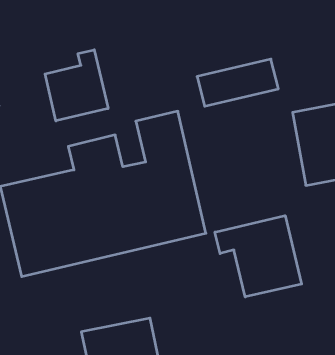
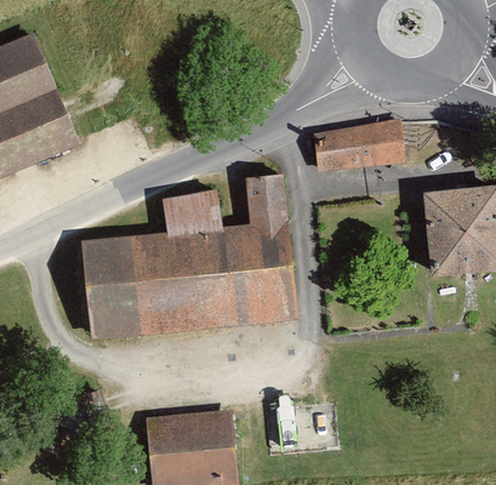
building: [45,50,108,121] -> none
building: [215,216,302,297] -> none

